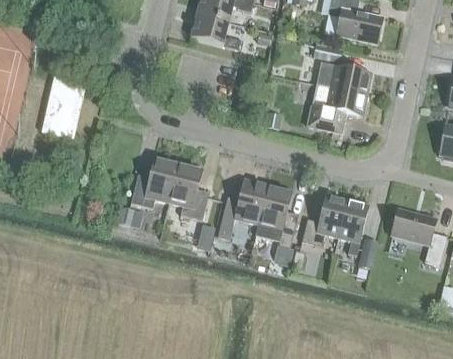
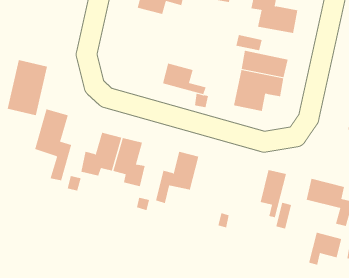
building: [191,13,242,50] -> [162,63,206,95]
building: none -> [34,108,72,181]
building: [259,185,296,248] -> none
building: [303,195,348,247] -> none
building: none -> [309,232,342,266]

